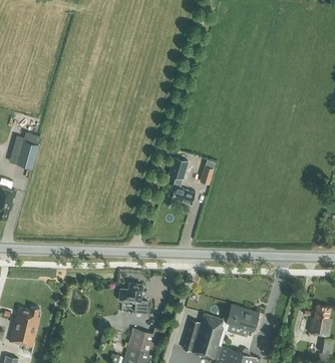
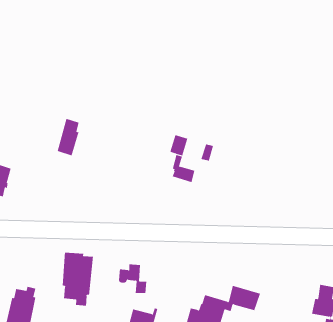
building: [16,132,38,169] -> [57,118,79,156]
building: none -> [62,252,93,306]

